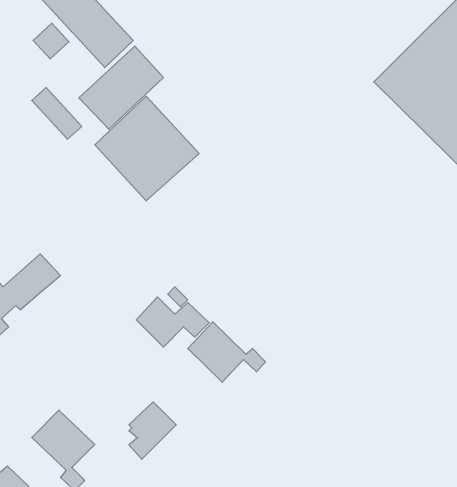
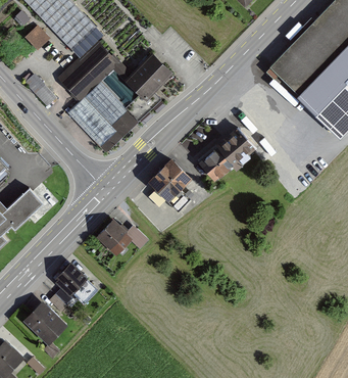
building: none -> [126,54,170,98]
building: none -> [199,126,257,181]
building: none -> [146,159,190,202]
building: [188,322,266,382] -> none
building: [129,402,176,459] -> [56,263,90,303]

